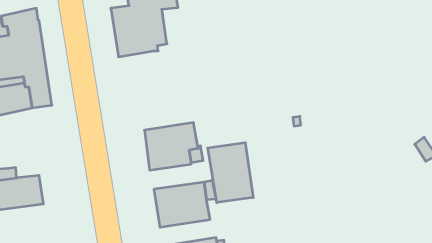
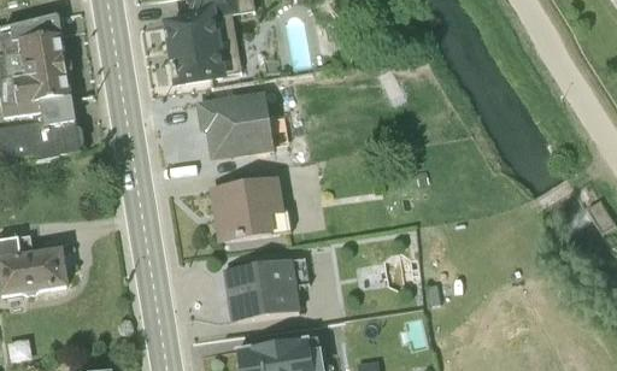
building: none -> [193,88,272,157]
building: [208,143,253,203] -> none

